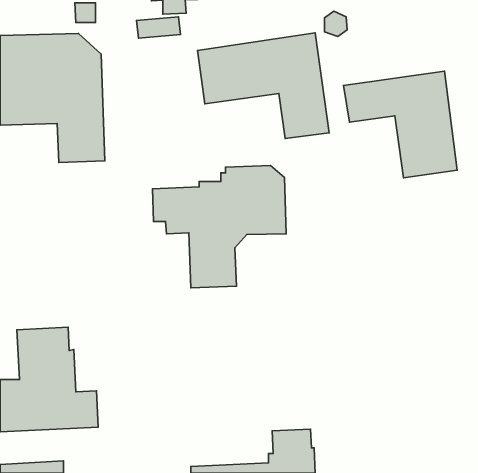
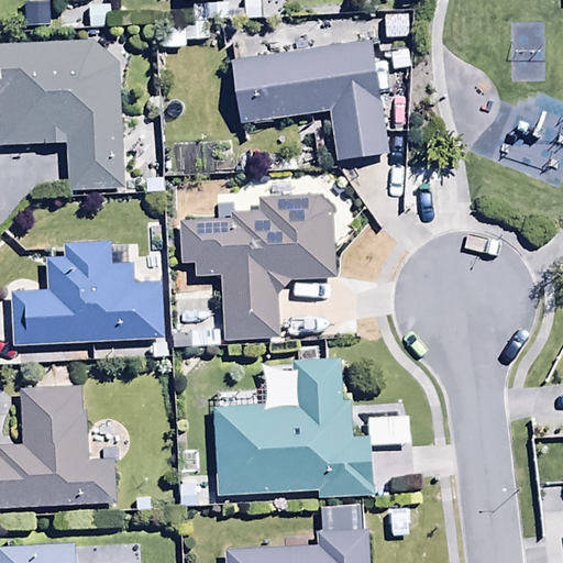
building: [344,71,457,178] -> none
building: none -> [9,241,164,345]
building: none -> [212,358,375,498]

